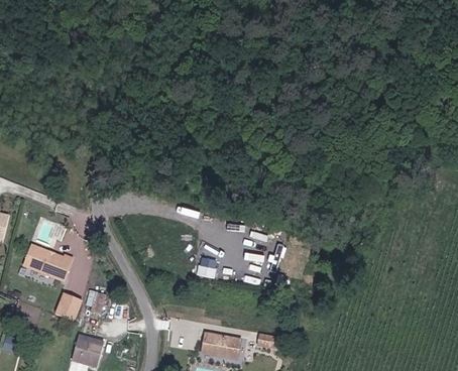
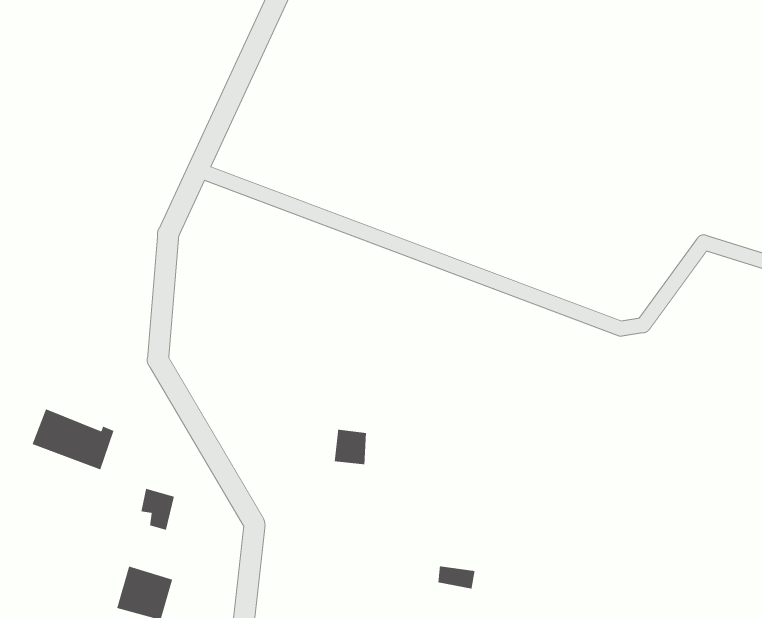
building: [55,293,83,323] -> none
building: [202,333,241,359] -> none

